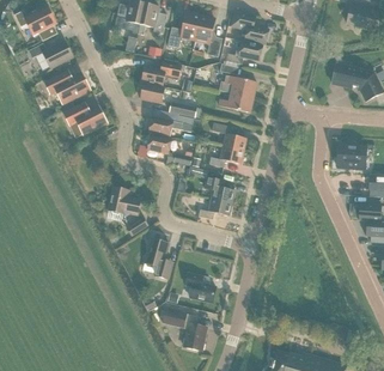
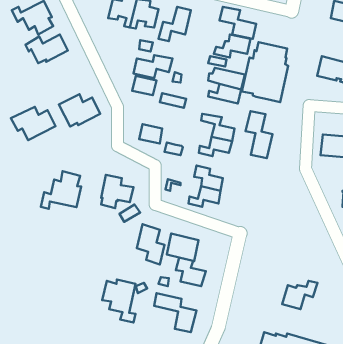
building: [195,14,221,56] -> none
building: none -> [242,42,288,102]
building: [43,68,90,103] -> [11,107,56,140]
building: [148,114,200,135] -> none
building: none -> [245,111,273,158]
building: none -> [41,171,81,209]
building: none -> [167,234,199,261]
building: none -> [102,280,136,323]
building: none -> [282,281,317,309]

